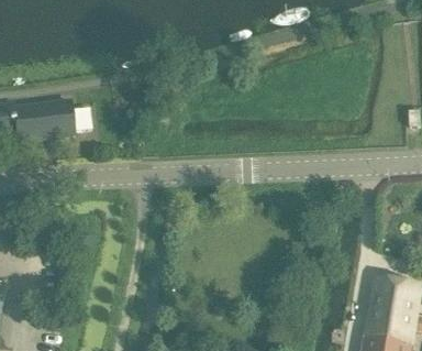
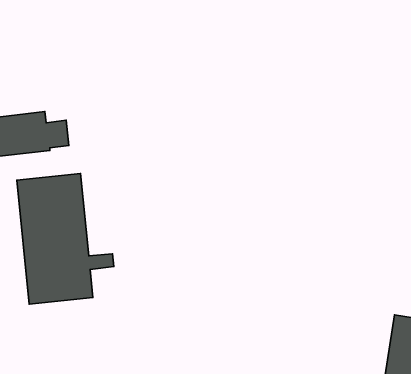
building: none -> [17,173,114,304]

